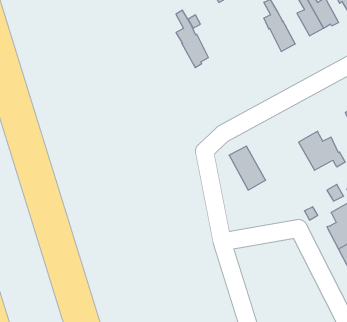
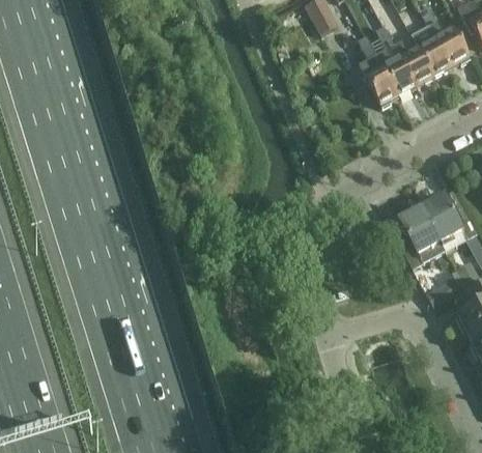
building: none -> [394,37,433,84]
building: [176,10,208,68] -> [358,34,398,106]
building: [229,146,266,190] -> [398,206,444,261]

